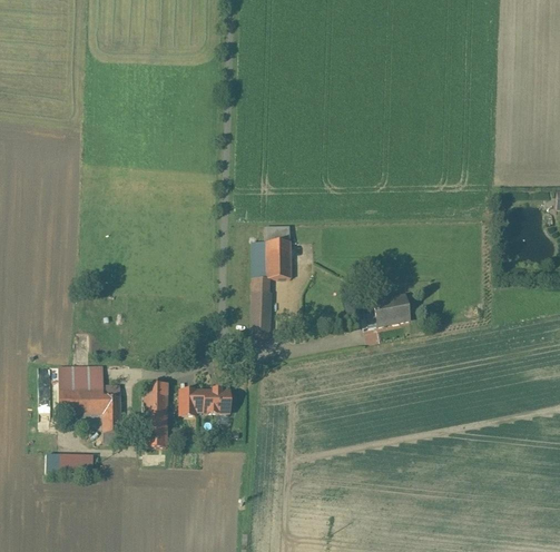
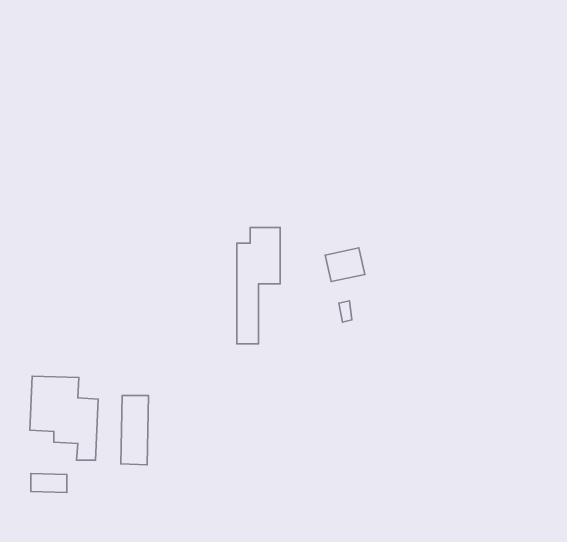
building: [372,294,409,325] -> [325,248,365,282]
building: [180,385,235,415] -> none

